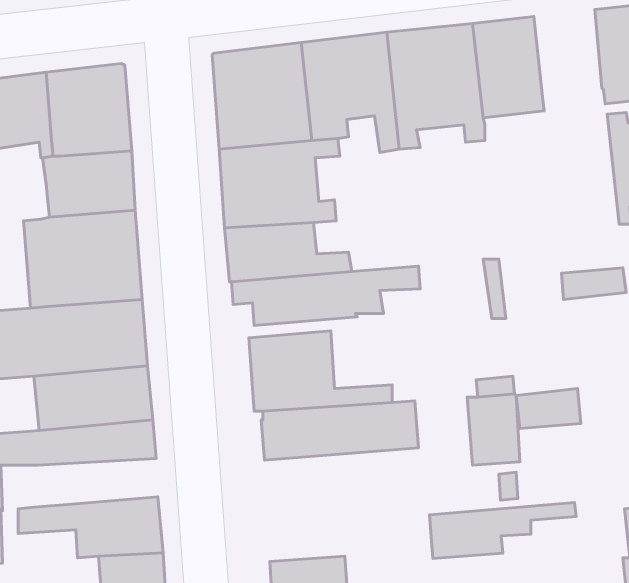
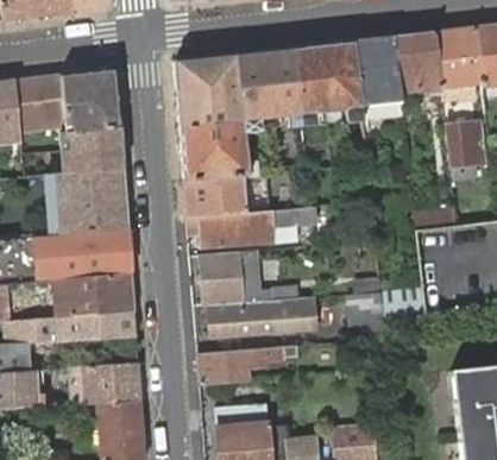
building: none -> [394,31,441,90]
building: [429,503,576,559] -> [197,346,297,384]

